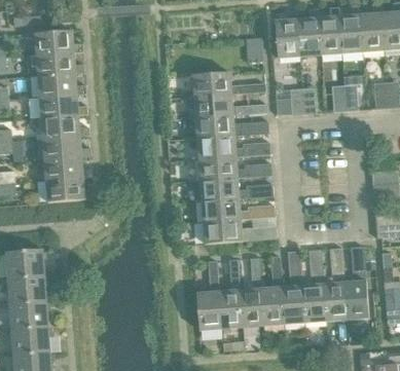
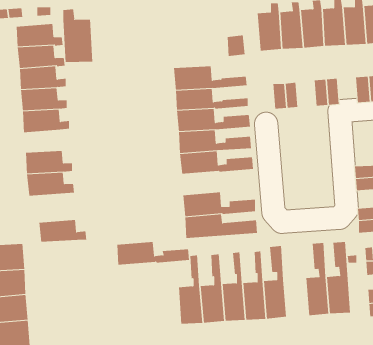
building: none -> [63,9,93,63]
building: [42,136,90,158] -> [39,220,87,242]
building: [199,177,272,200] -> [116,241,190,265]
building: [301,249,326,322] -> none

